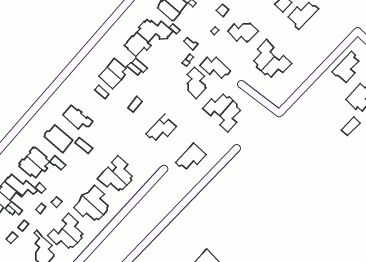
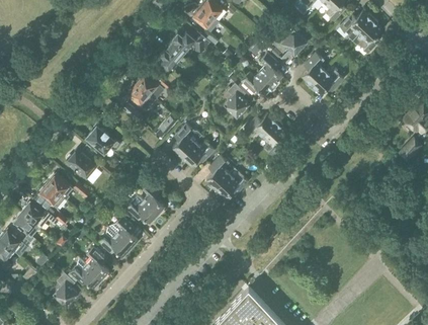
building: none -> [259,53,282,87]
building: [332,51,359,83] -> [352,17,382,53]
building: none -> [172,124,201,158]
building: none -> [206,155,230,190]

